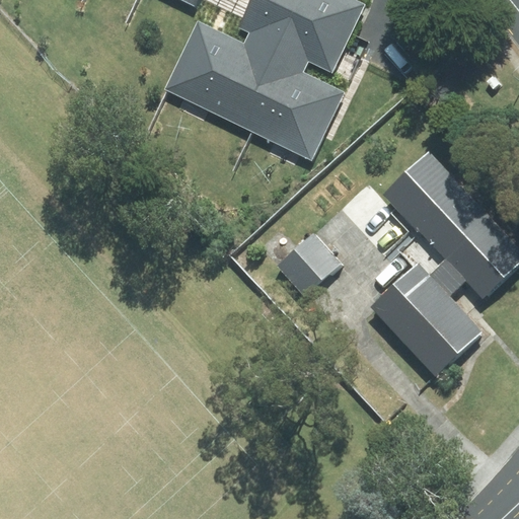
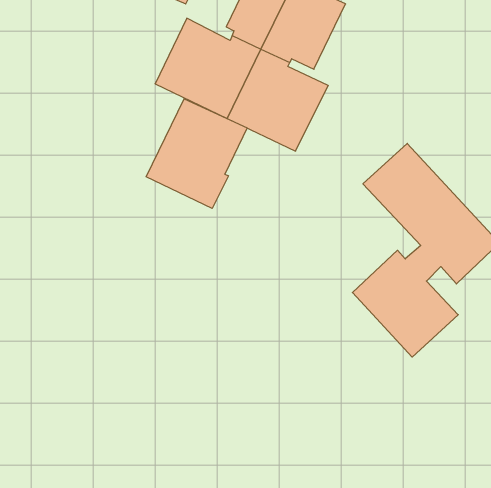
building: none -> [146,99,247,208]
building: [277,233,341,296] -> none

